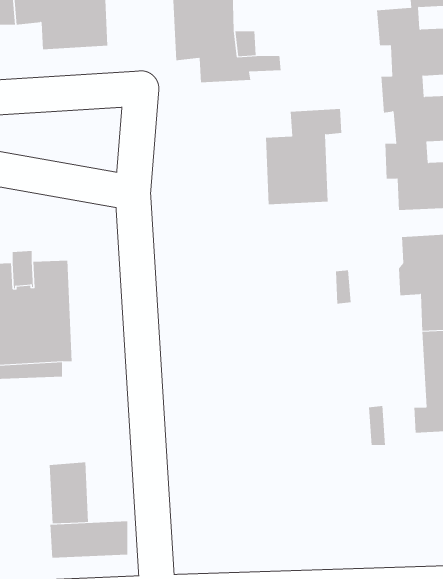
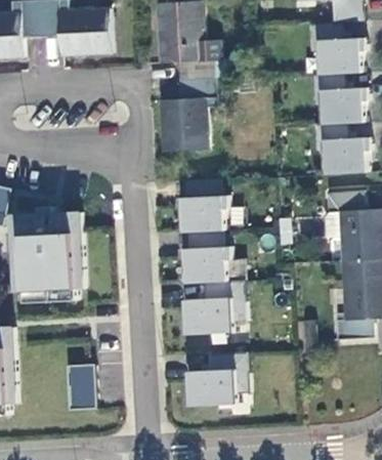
building: [265,109,342,205] -> [159,77,216,149]
building: none -> [180,179,245,334]
building: none -> [188,352,249,406]
building: [50,521,128,559] -> none

